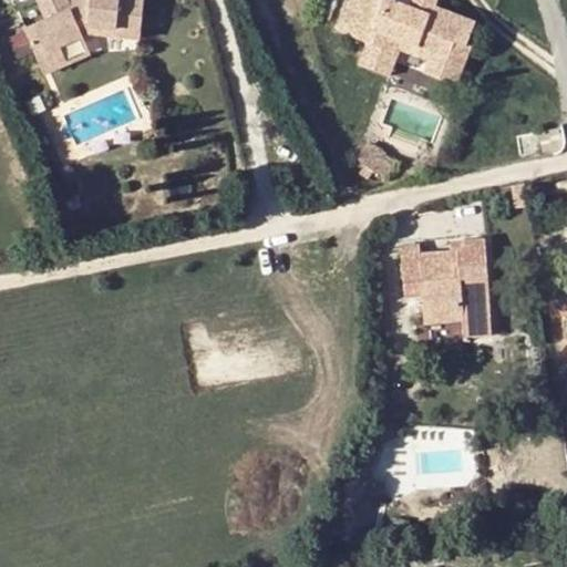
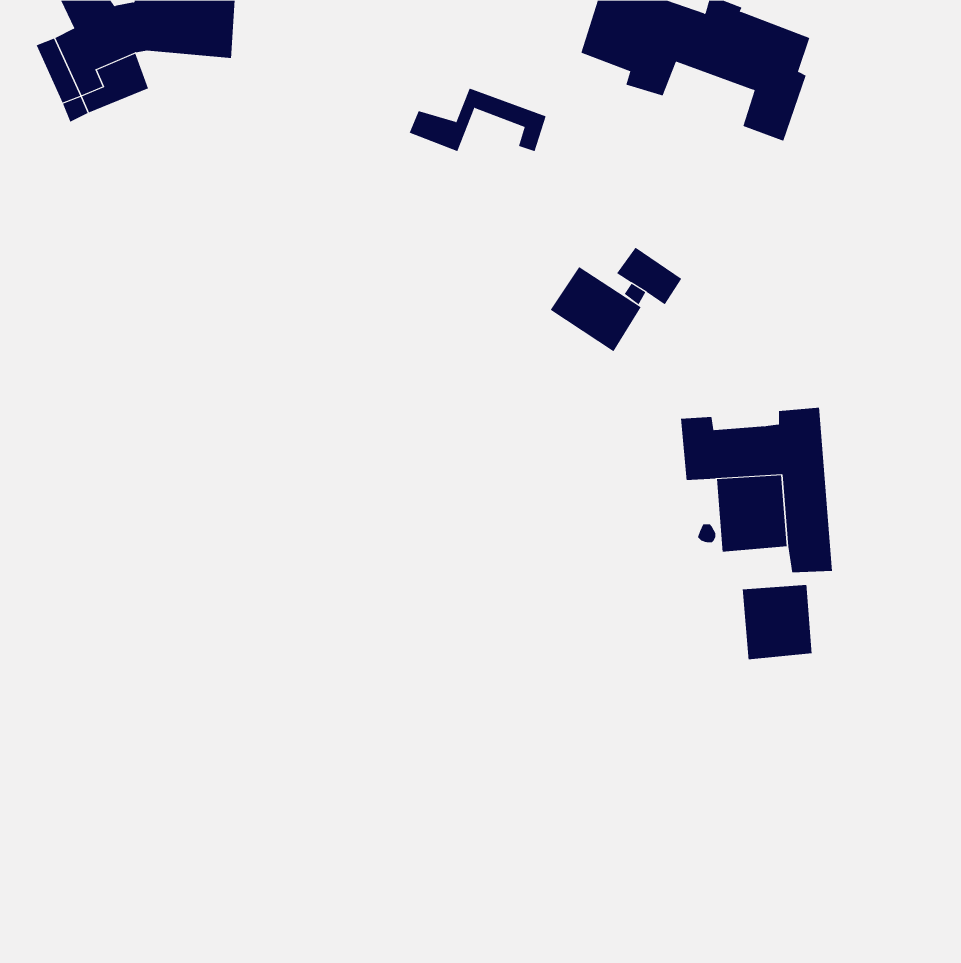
building: [362,37,443,74] -> [409,88,546,152]
building: none -> [550,266,641,352]
building: none -> [742,584,812,660]

